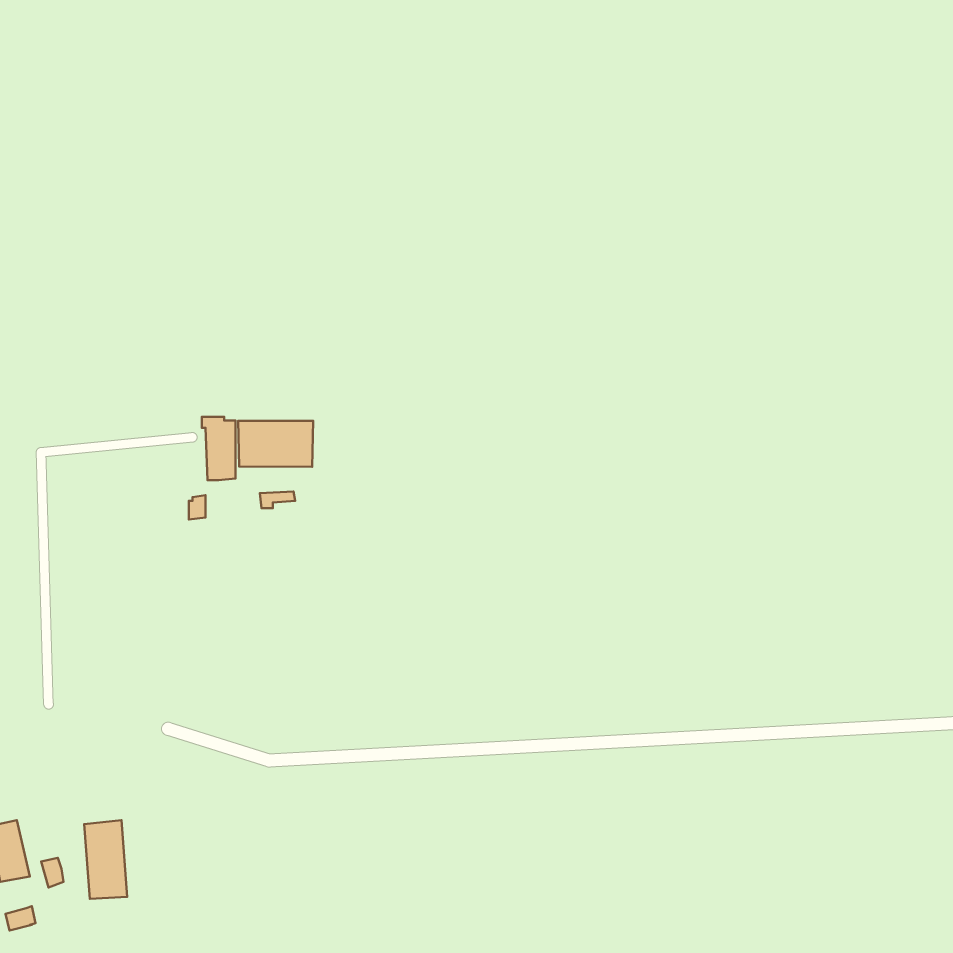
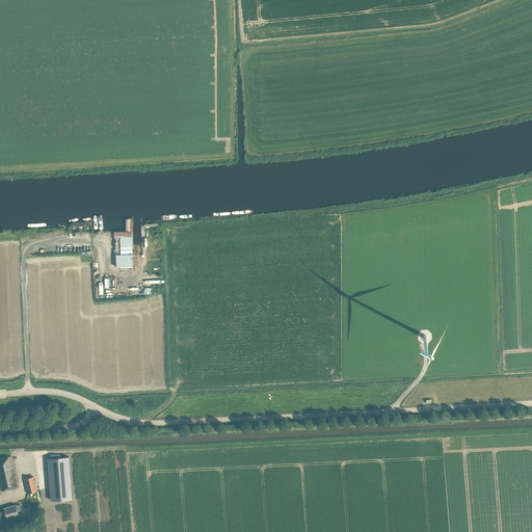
building: [238,421,313,467] -> none

